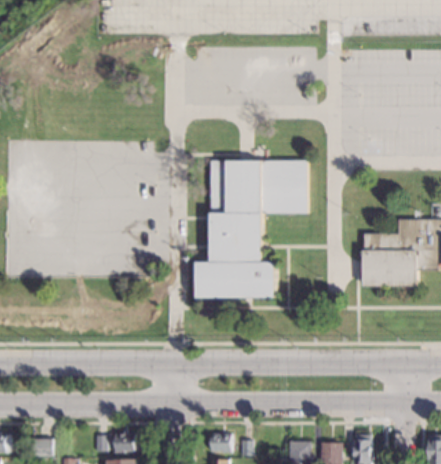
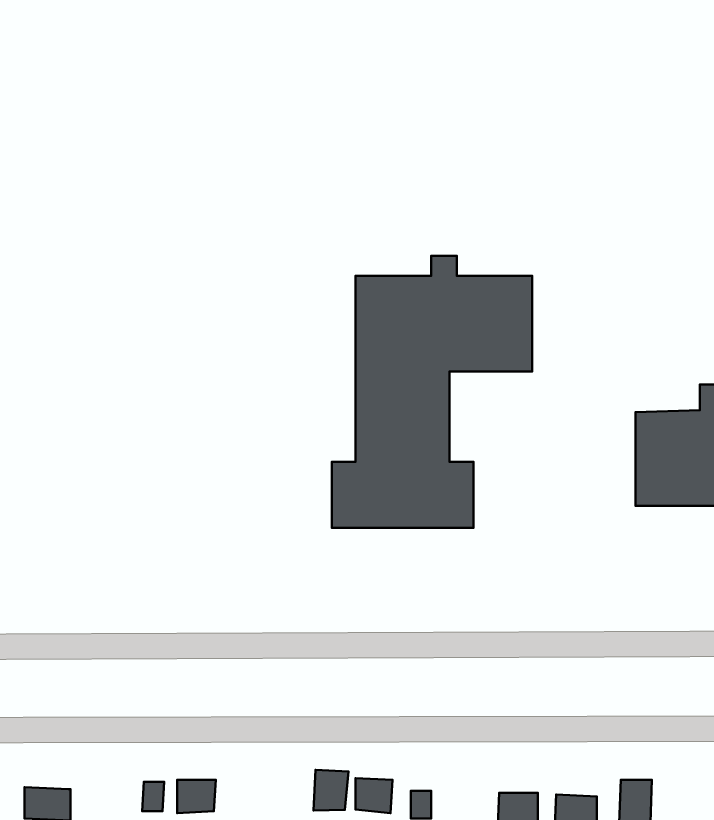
building: none -> [314,770,349,810]

